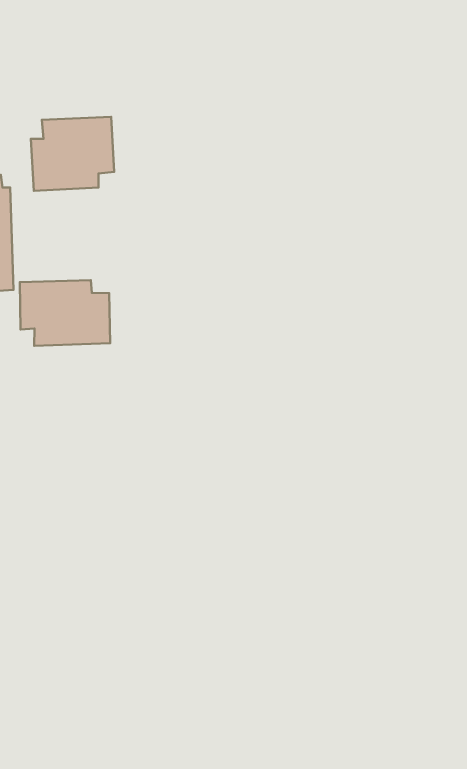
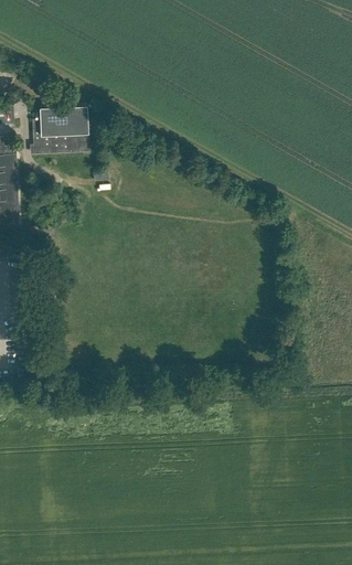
building: [20,280,110,346] -> none

